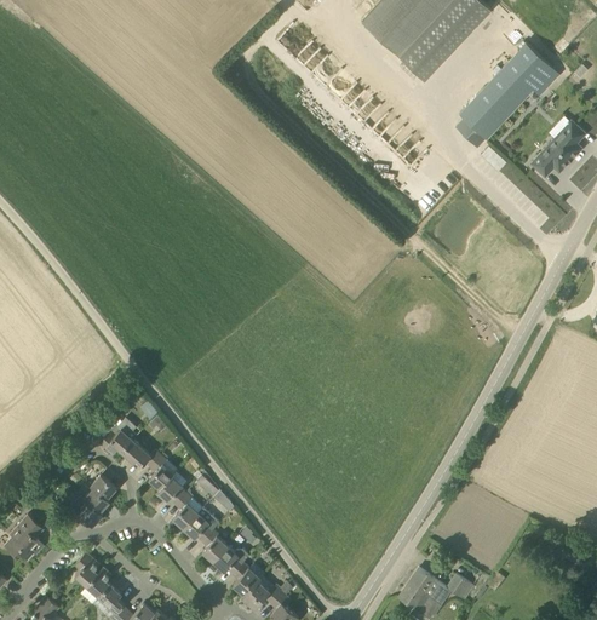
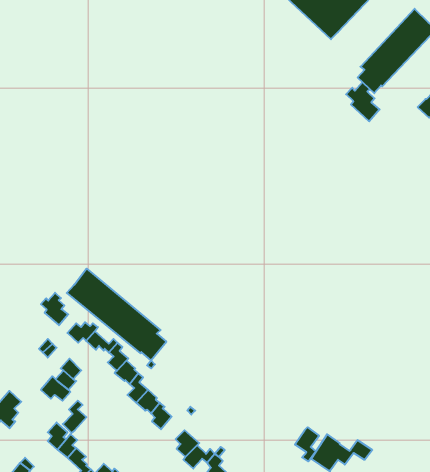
building: none -> [346,82,380,121]
building: none -> [67,269,166,361]
building: none -> [41,293,68,325]
building: none -> [63,401,86,433]
building: [214,545,249,573] -> none
building: none -> [295,427,319,461]

